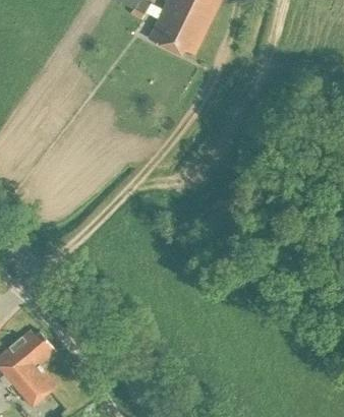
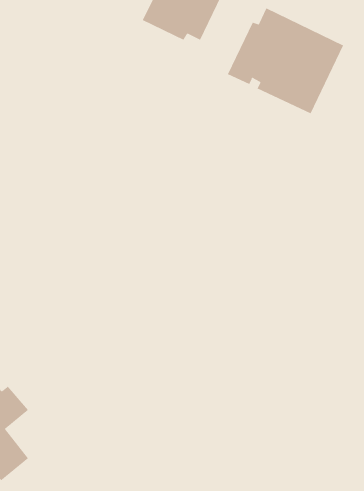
building: none -> [227,8,344,114]

